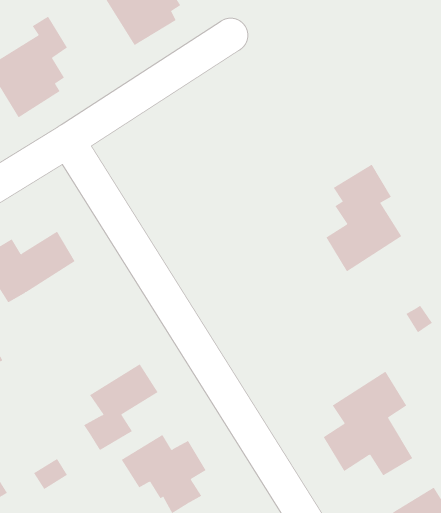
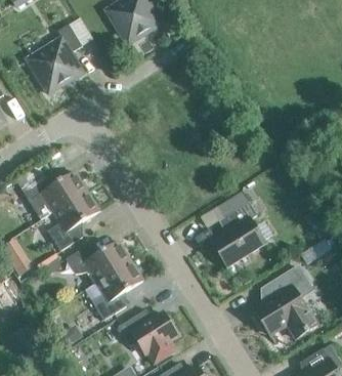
building: [325,164,402,272] -> [212,193,264,266]
building: none -> [48,192,99,251]
building: none -> [65,241,131,283]

